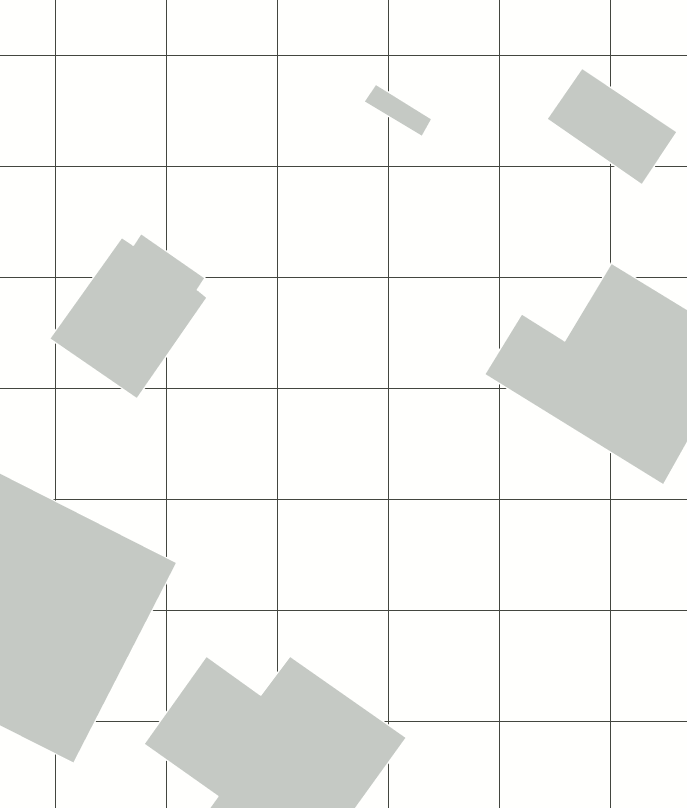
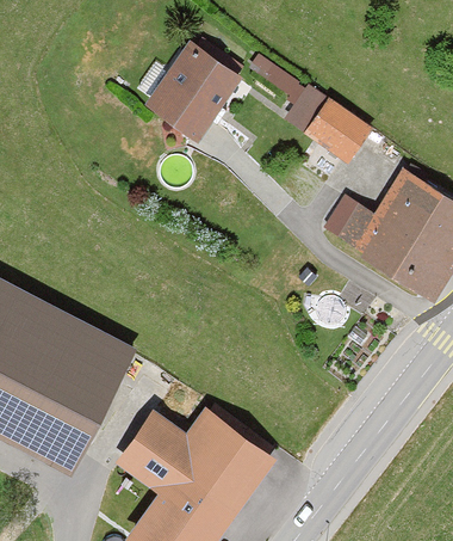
building: [547,68,677,185] -> [287,87,367,159]
building: [49,234,207,399] -> [144,39,241,141]

